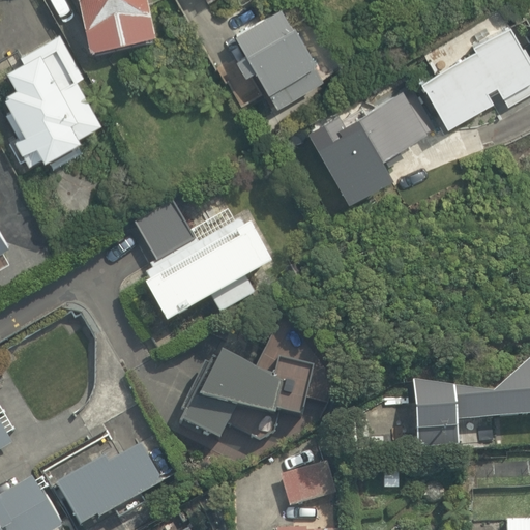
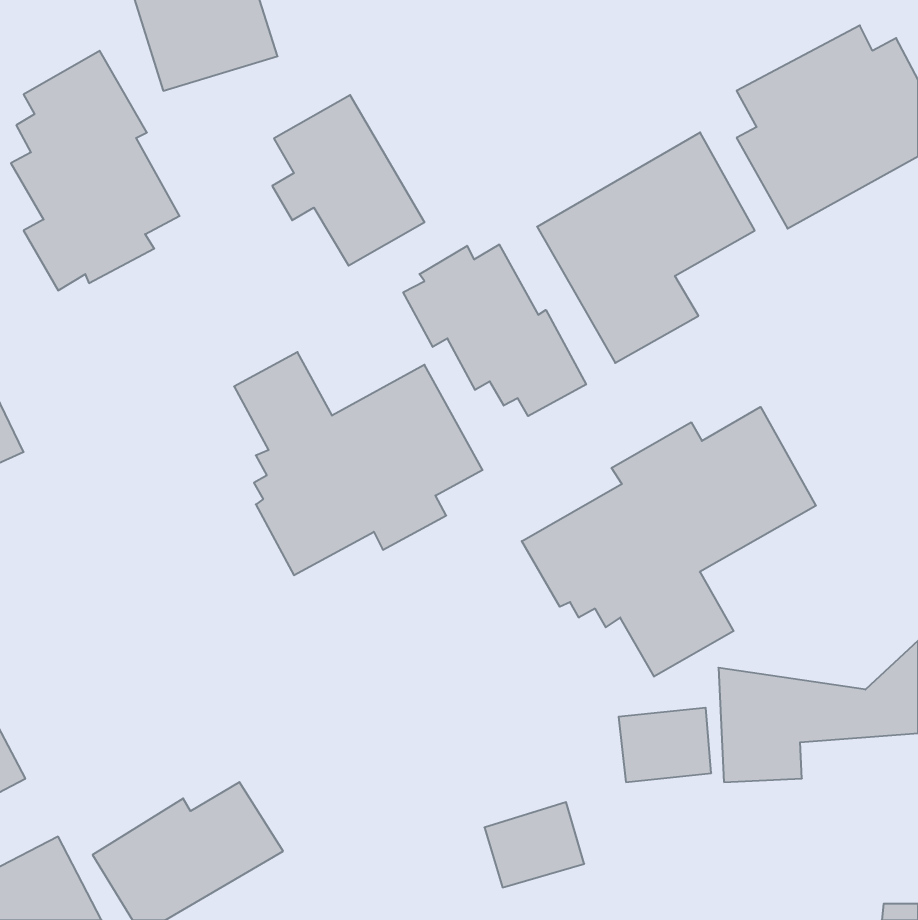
building: [236,7,323,105] -> [272,95,425,266]
building: none -> [403,244,586,416]
building: none -> [522,407,816,677]
building: [176,354,314,445] -> none

